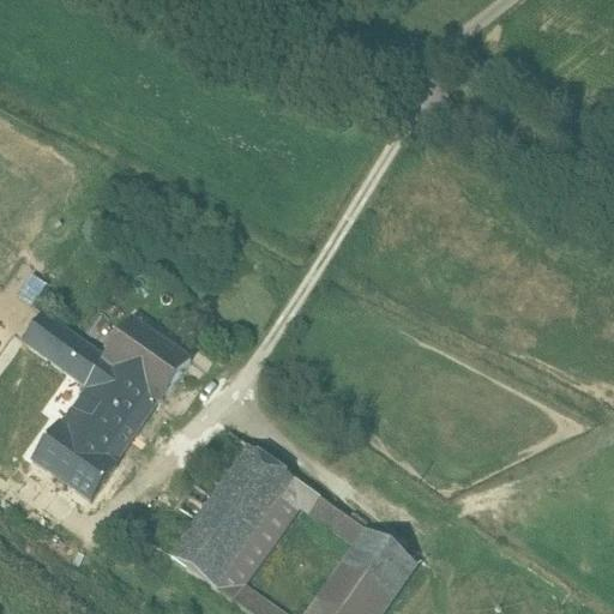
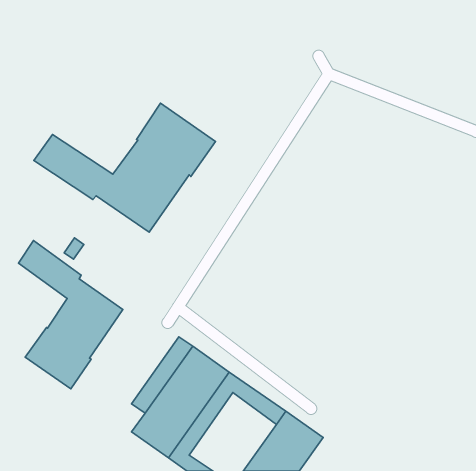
building: none -> [34,103,216,232]
building: [102,315,191,401] -> none

